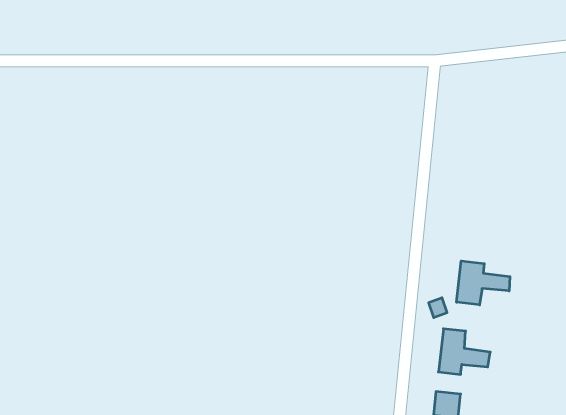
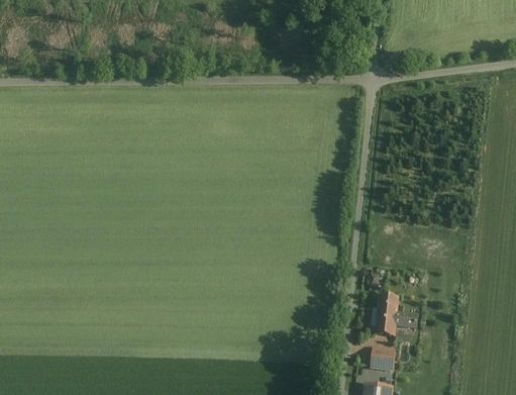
building: [457,261,510,305] -> none

